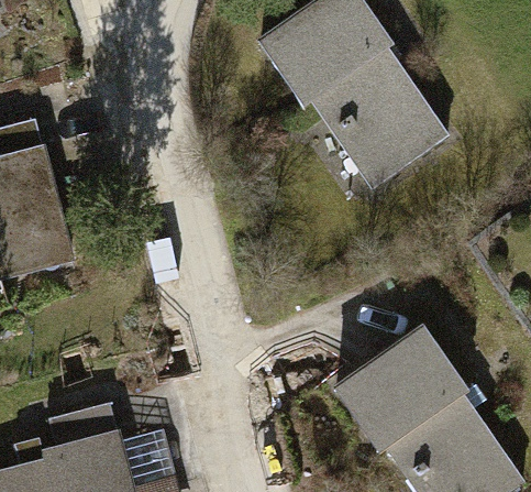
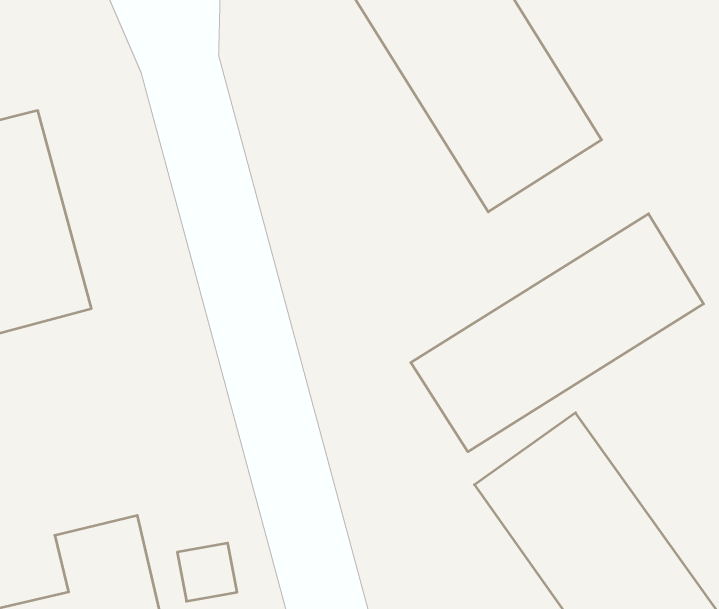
building: none -> [411,214,704,452]

